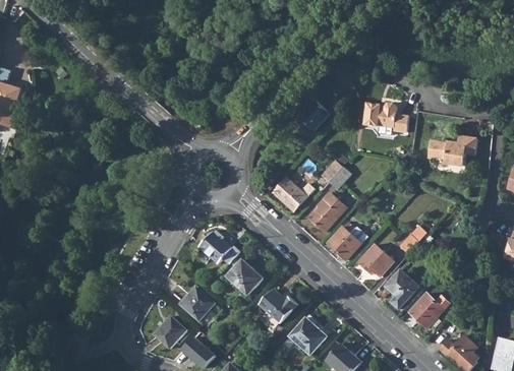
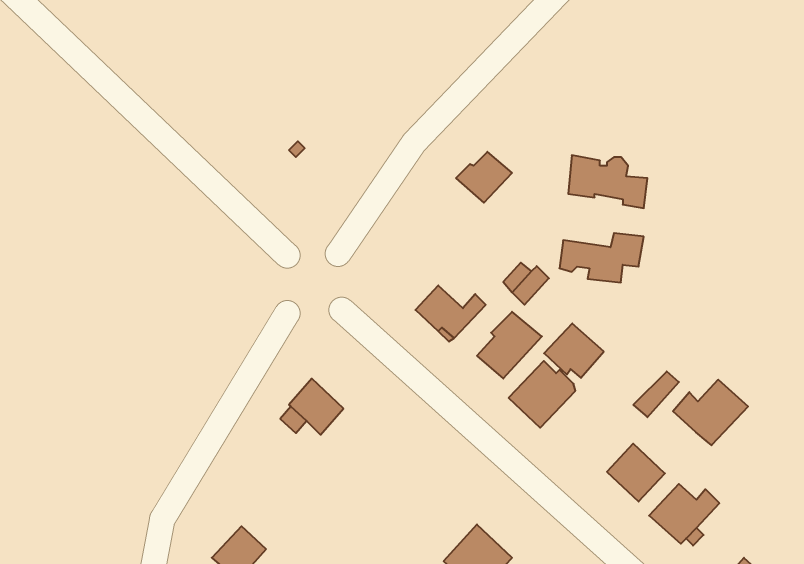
building: [426,134,475,163] -> [559,233,644,282]
building: none -> [673,380,748,445]
building: [357,244,392,275] -> [544,323,604,378]
building: [228,259,264,295] -> none
building: [181,287,213,319] -> none
building: [260,290,297,323] -> none

